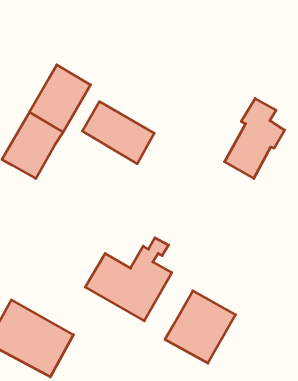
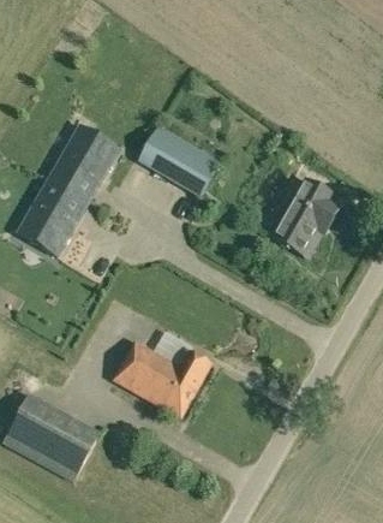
building: [82,102,154,164] -> [139,126,221,197]
building: [165,291,236,363] -> none

